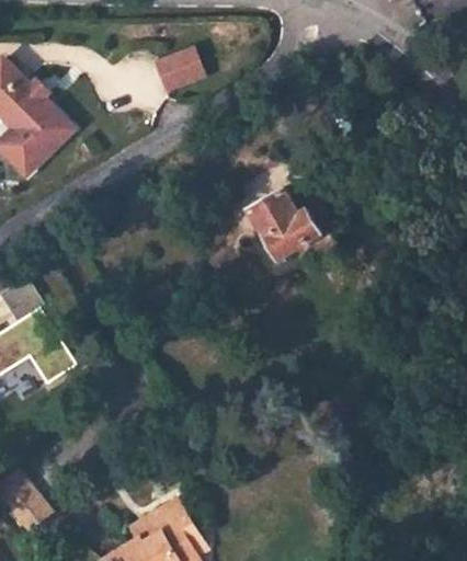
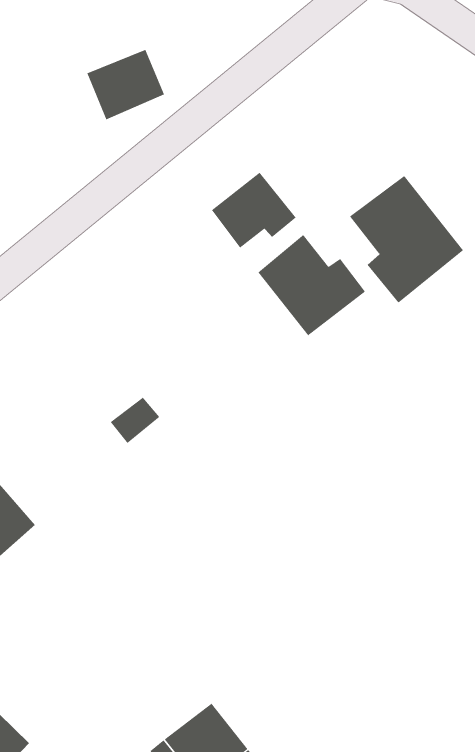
building: none -> [211,172,297,248]
building: none -> [349,175,464,304]

